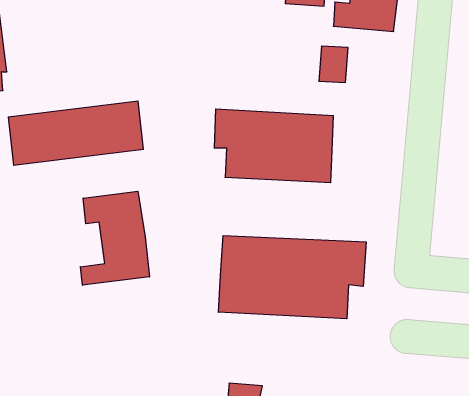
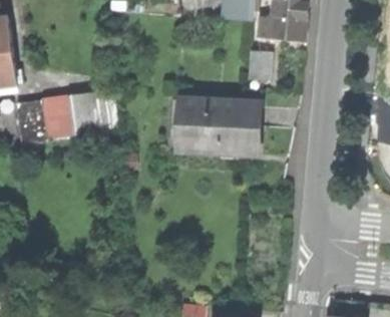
building: [80,191,149,285] -> none
building: [218,236,366,319] -> none

